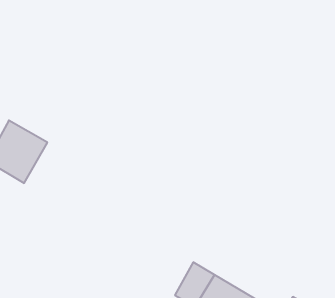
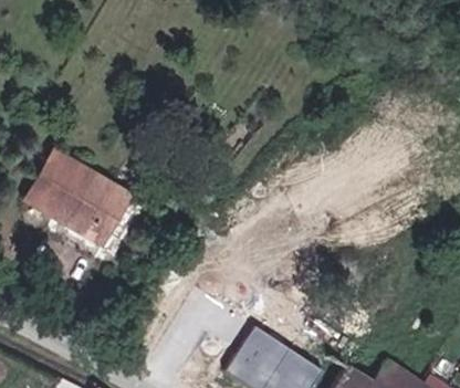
building: none -> [71,181,130,248]

